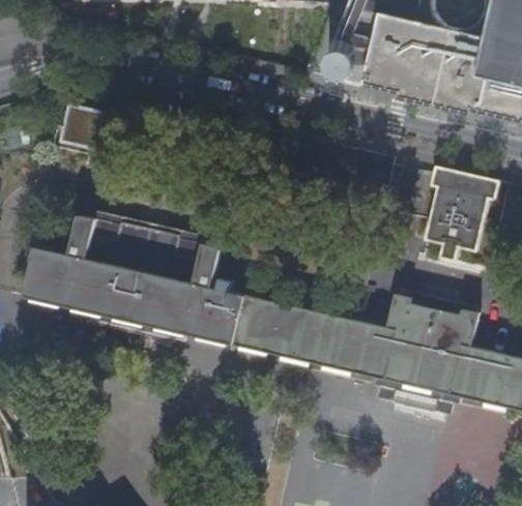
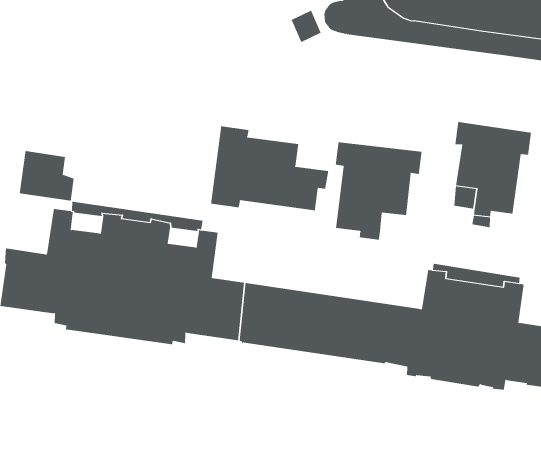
building: [59,102,109,150] -> [19,150,74,201]
building: none -> [211,125,329,211]
building: none -> [335,141,422,241]

